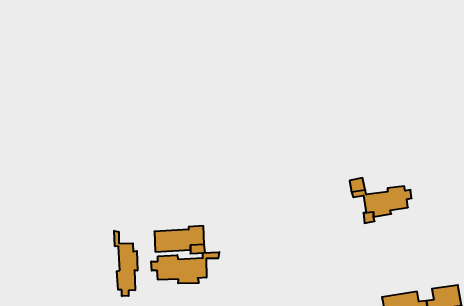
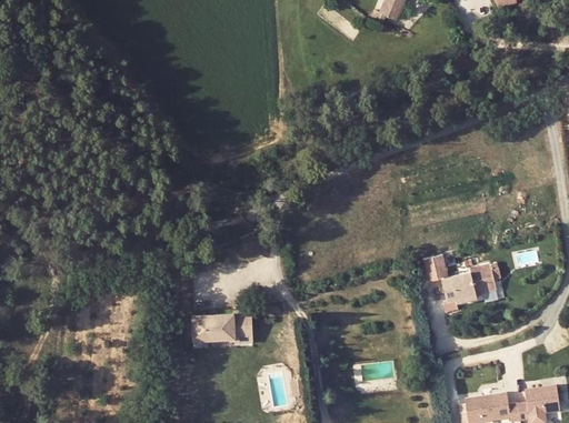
building: [114,231,137,296] -> none
building: [151,252,219,283] -> none

